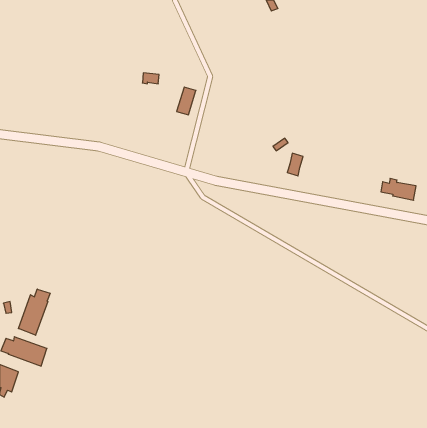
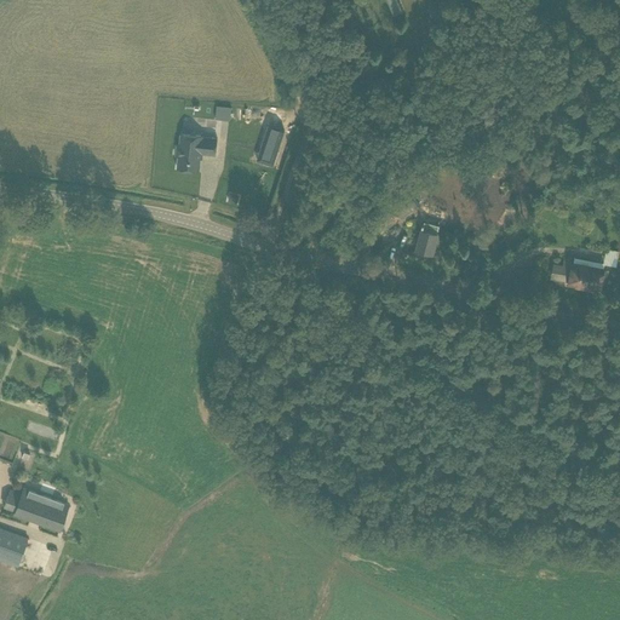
building: none -> [176,133,216,171]
building: [18,289,50,335] -> none

